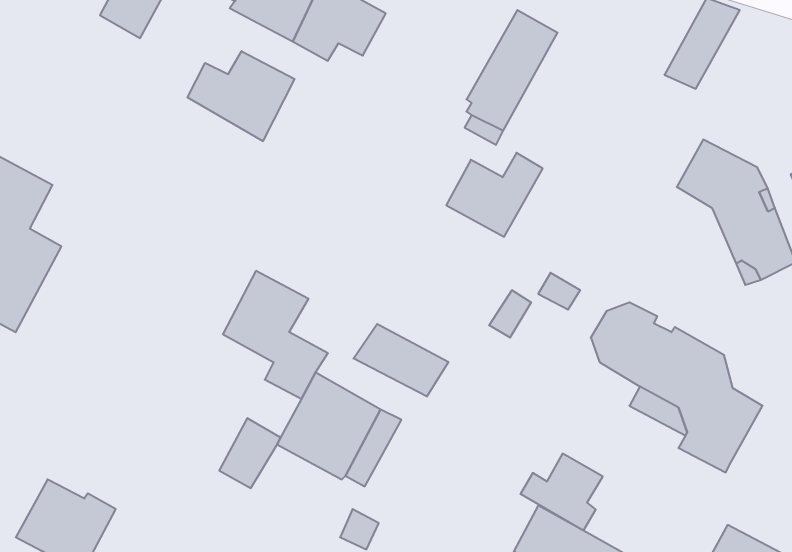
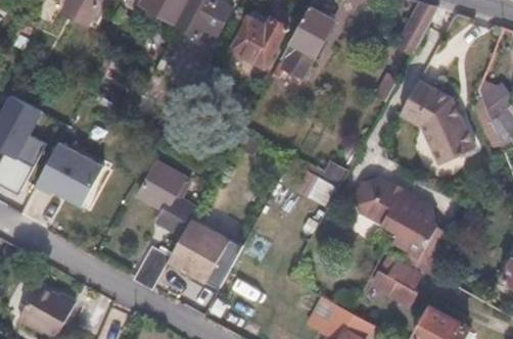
building: [187,51,295,141] -> none
building: [446,153,543,237] -> [231,17,287,66]
building: none -> [36,143,104,206]
building: [353,324,448,397] -> none
building: [520,454,603,531] -> [371,260,419,305]

